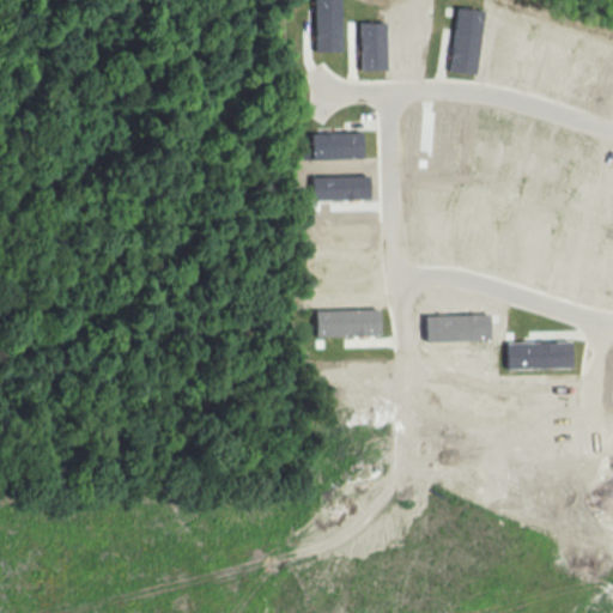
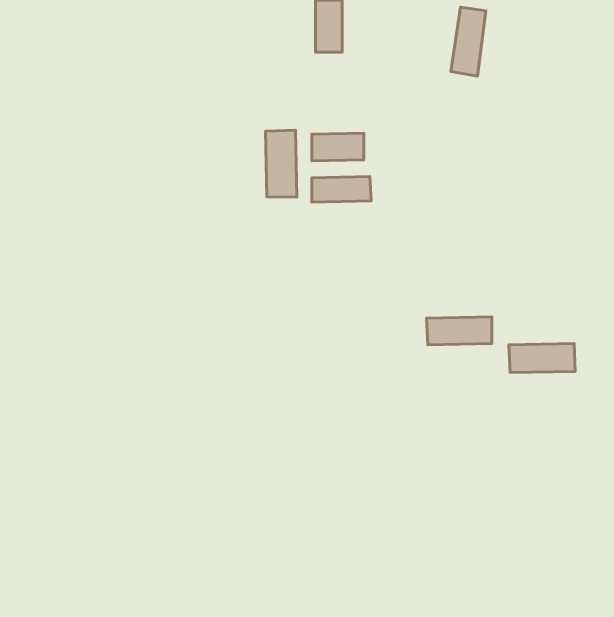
building: [362,23,388,72] -> none
building: none -> [265,130,297,197]
building: [316,309,382,338] -> none

